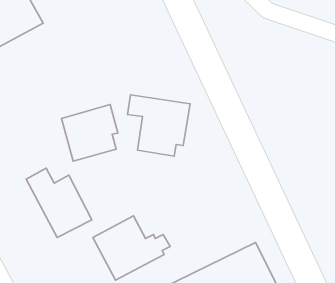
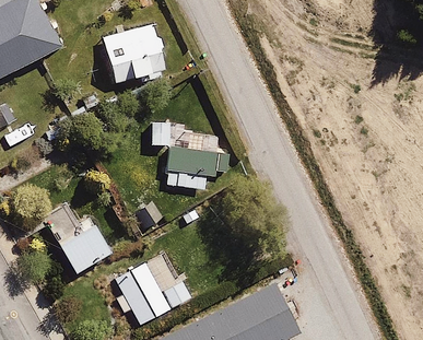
building: [61,104,118,161] -> [98,24,161,86]

